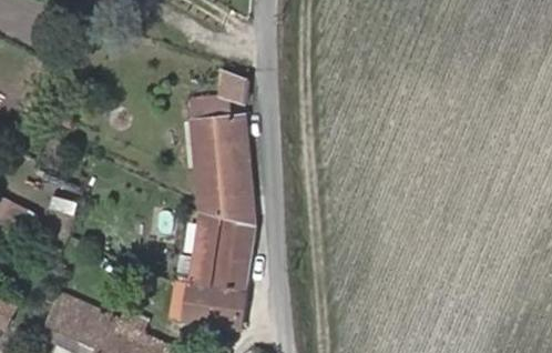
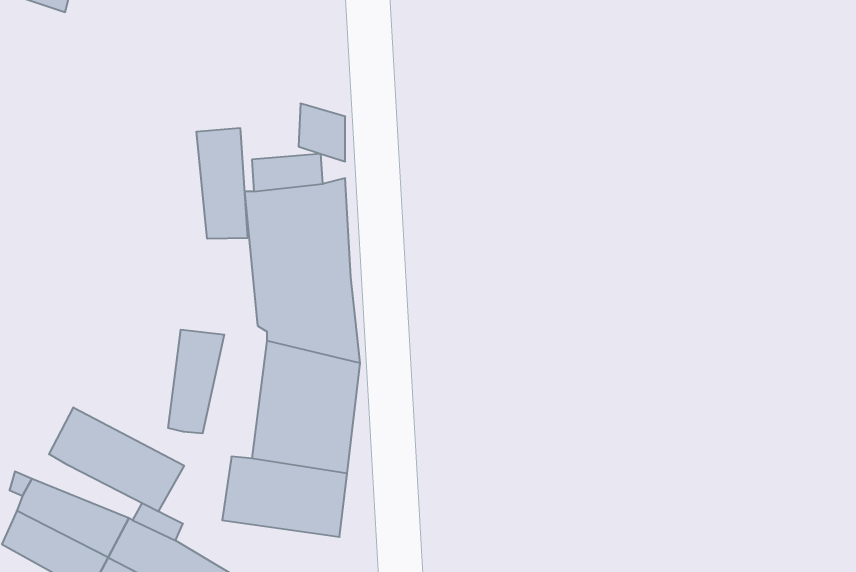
building: none -> [196,128,248,239]
building: none -> [168,330,224,433]
building: none -> [49,407,184,511]

